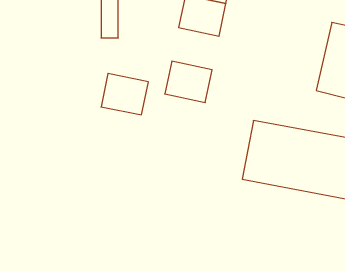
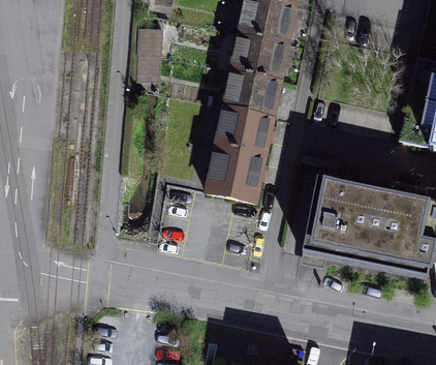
building: none -> [225,69,282,120]
building: [101,73,148,115] -> [209,149,266,199]

